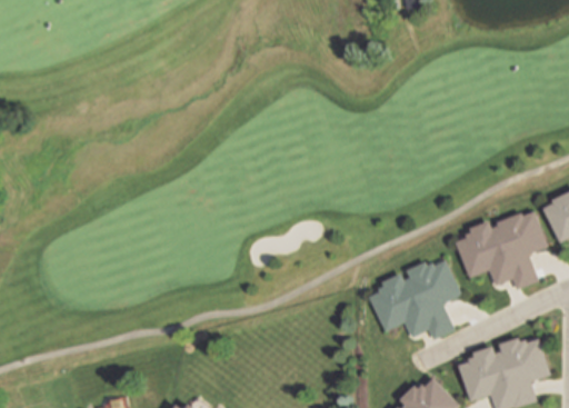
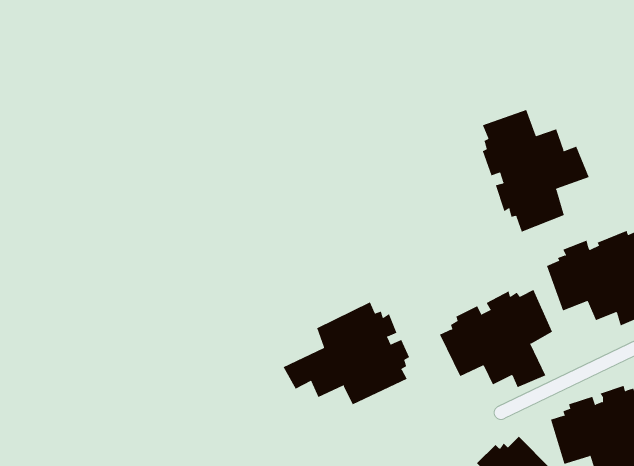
building: none -> [482,109,589,232]
building: none -> [283,301,410,405]

